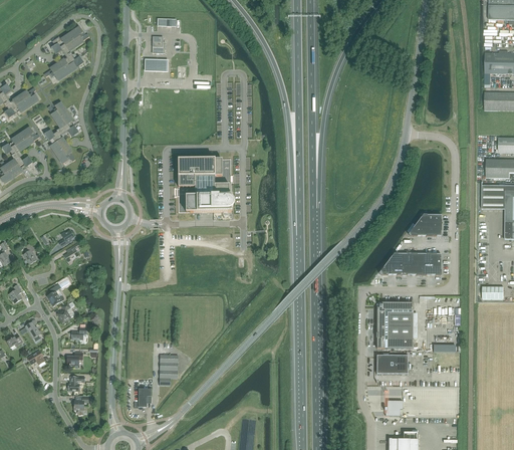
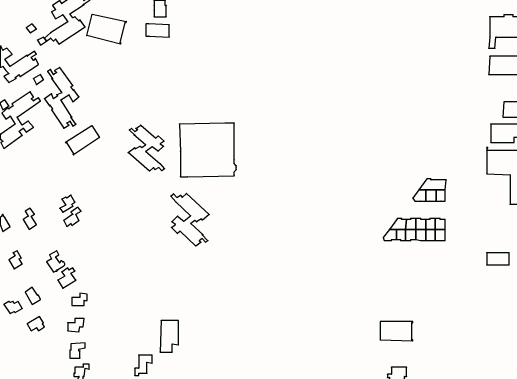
building: none -> [87,14,126,44]
building: none -> [128,125,165,171]
building: none -> [66,126,99,155]
building: none -> [171,193,209,246]
building: [376,301,413,348] -> none

